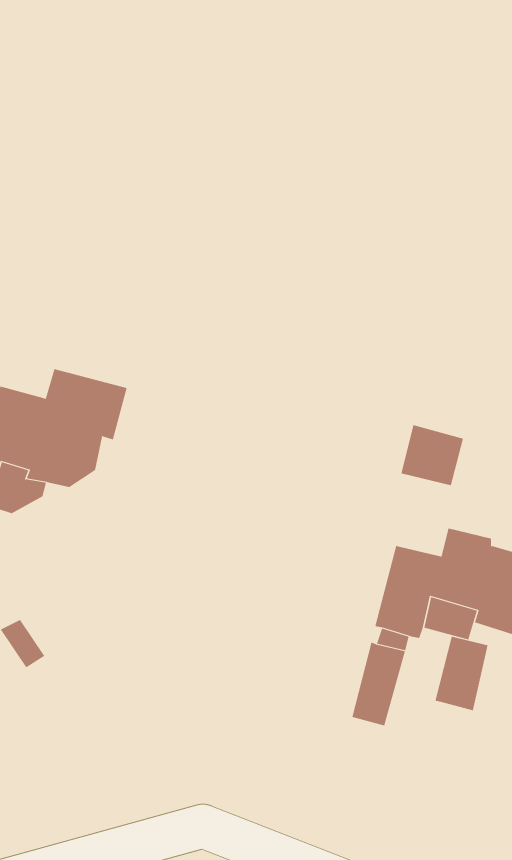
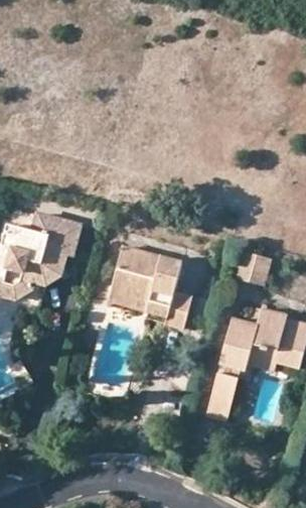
building: none -> [109,245,191,330]
building: [435,636,488,711] -> none

